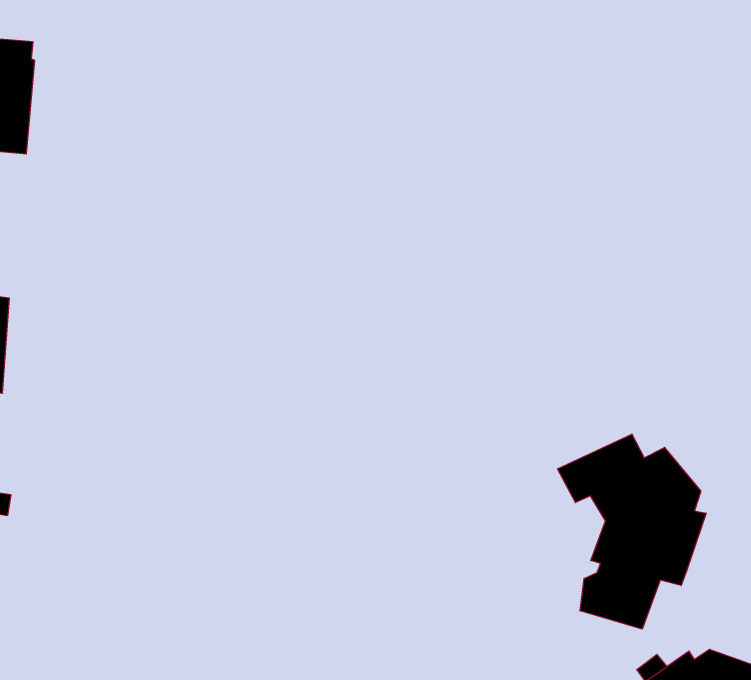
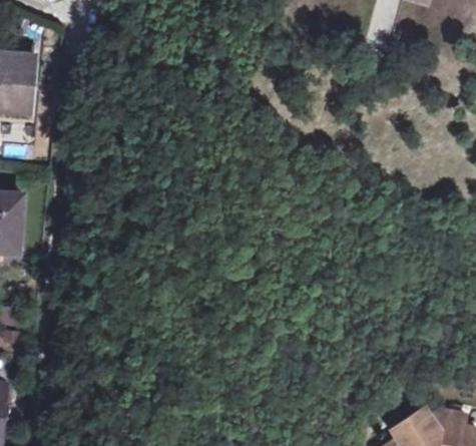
building: [558,434,706,629] -> none

